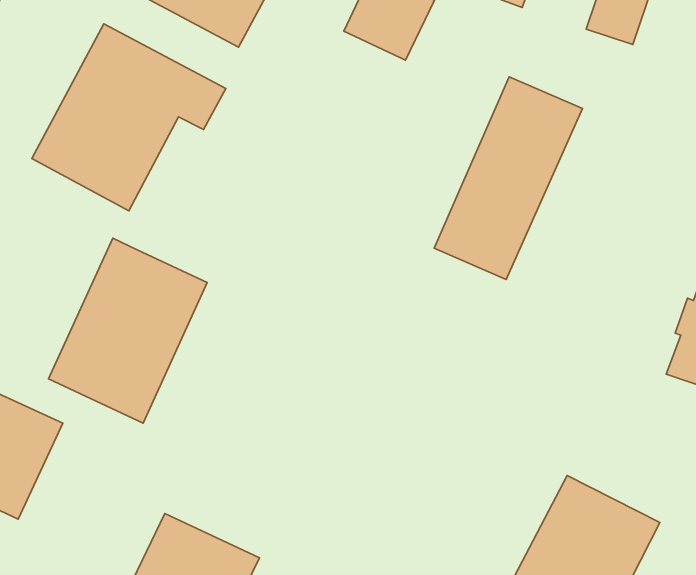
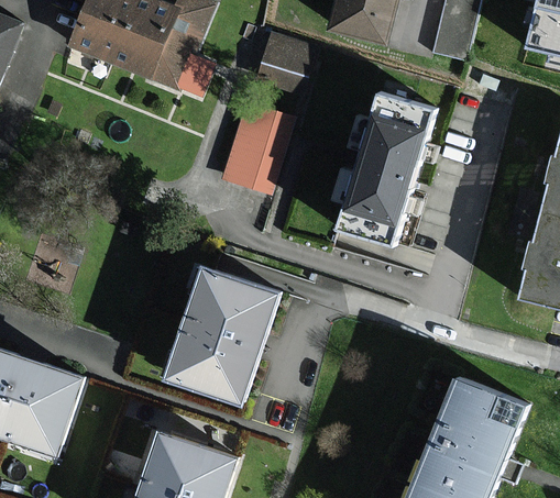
building: [32,24,226,211] -> none
building: none -> [223,101,295,189]
building: [49,238,207,423] -> [167,269,276,402]

